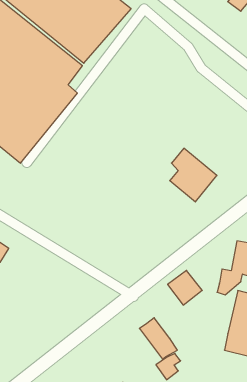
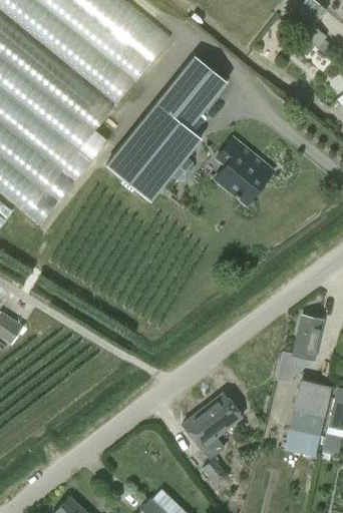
building: none -> [106,57,227,202]
building: [170,148,217,202] -> [217,140,274,205]
building: [168,270,202,305] -> [201,394,243,436]

